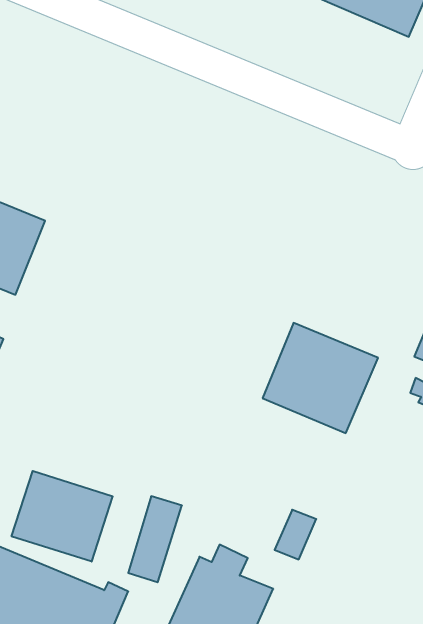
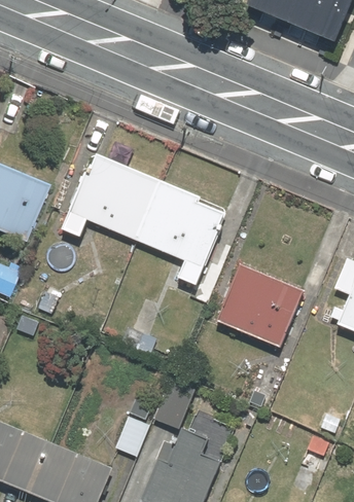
building: none -> [63,148,226,282]
building: [12,471,113,562] -> none

